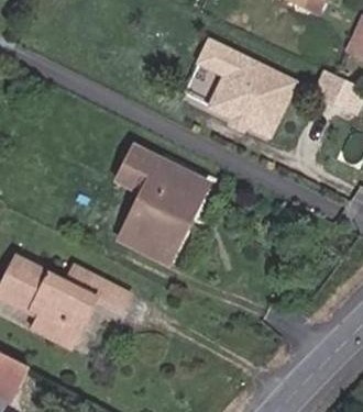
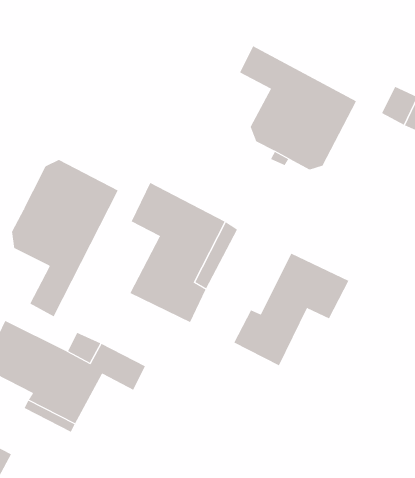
building: none -> [11,159,118,317]
building: none -> [234,253,349,366]

